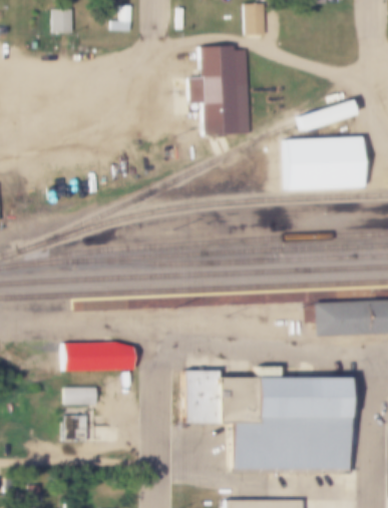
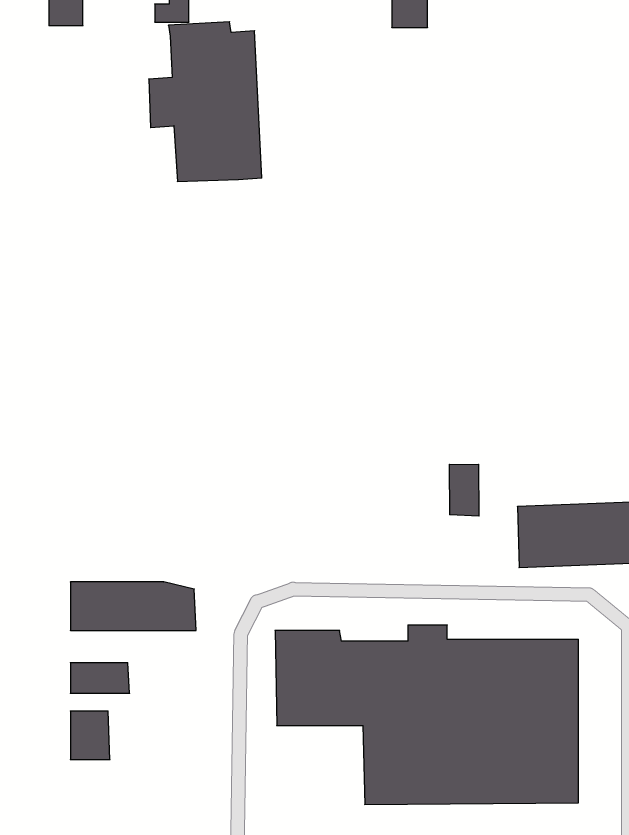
building: [189,45,253,134] -> [149,22,262,181]
building: [298,100,357,133] -> none
building: [286,137,365,192] -> none
building: none -> [449,464,479,516]

